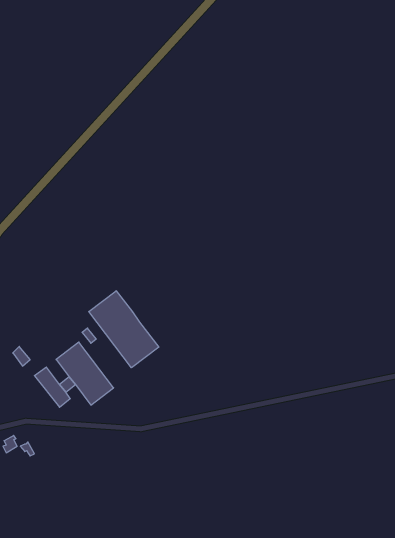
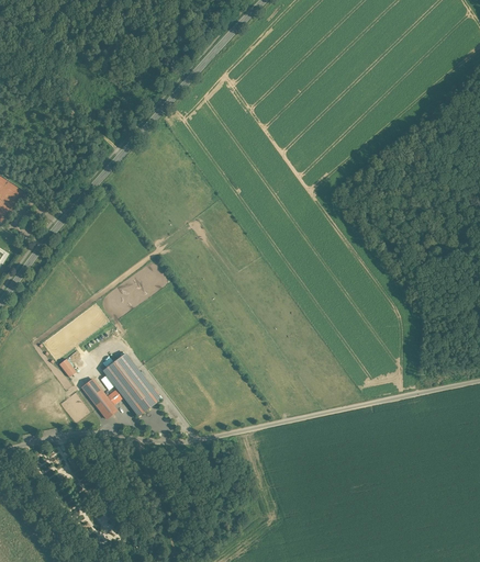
building: [89,291,159,368] -> none

